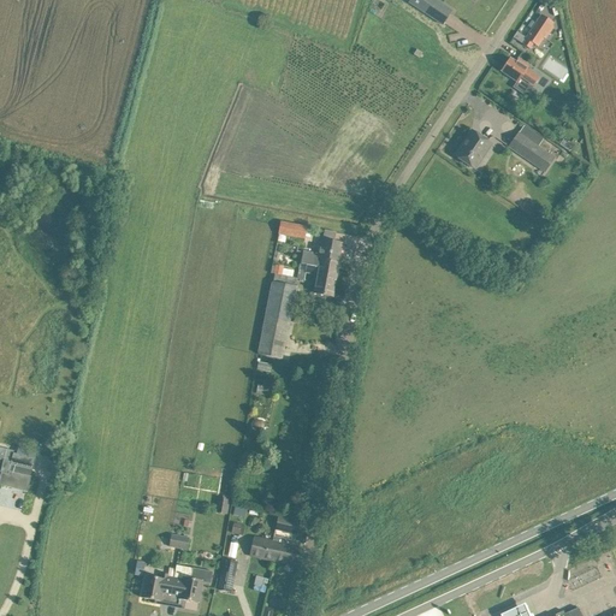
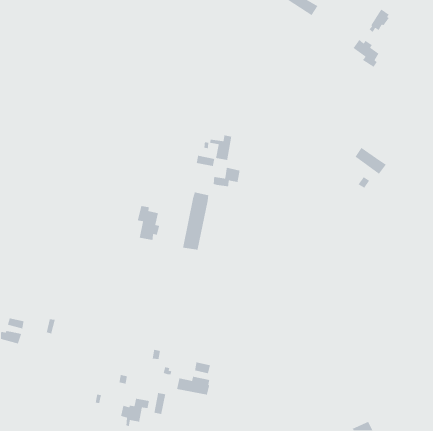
building: [455,129,488,165] -> none
building: [509,130,555,170] -> [354,147,387,175]
building: [297,257,338,295] -> [203,135,232,161]
building: none -> [137,205,160,241]
building: [142,571,174,602] -> none

